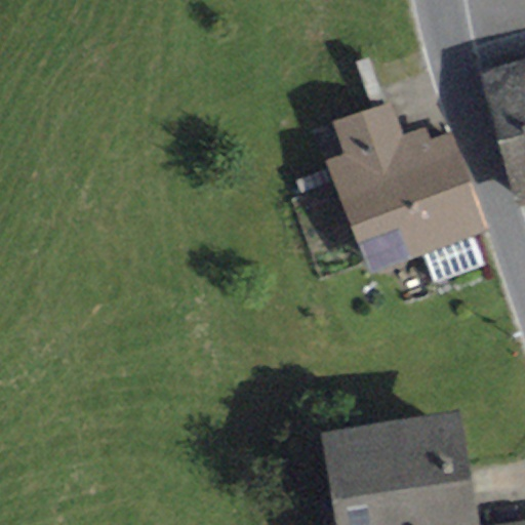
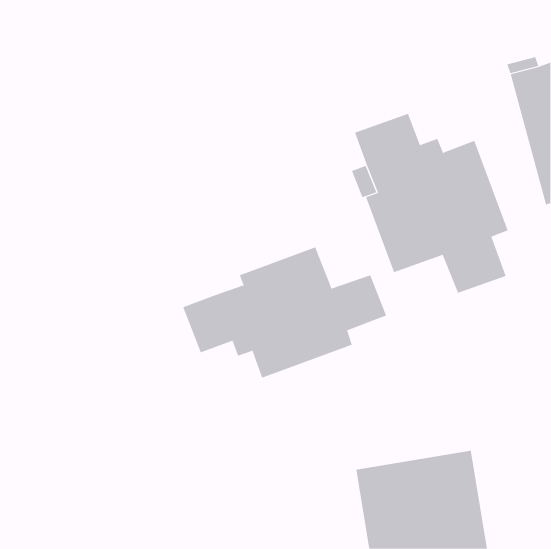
building: none -> [183,246,387,379]

